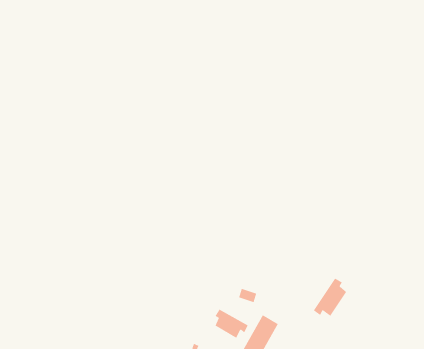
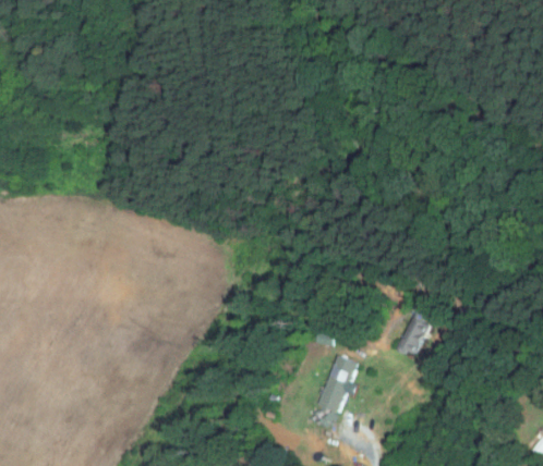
building: [214,309,249,339] -> none

